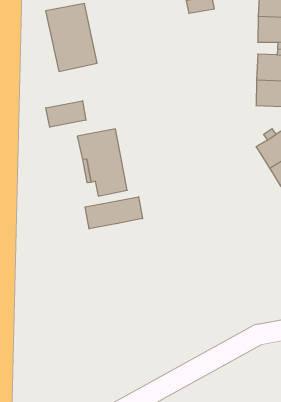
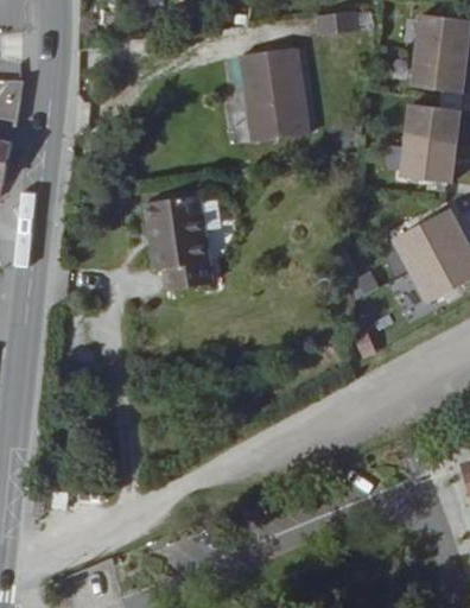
building: [46,4,97,71] -> [236,55,303,147]
building: [46,101,86,127] -> none
building: [85,197,143,229] -> none

